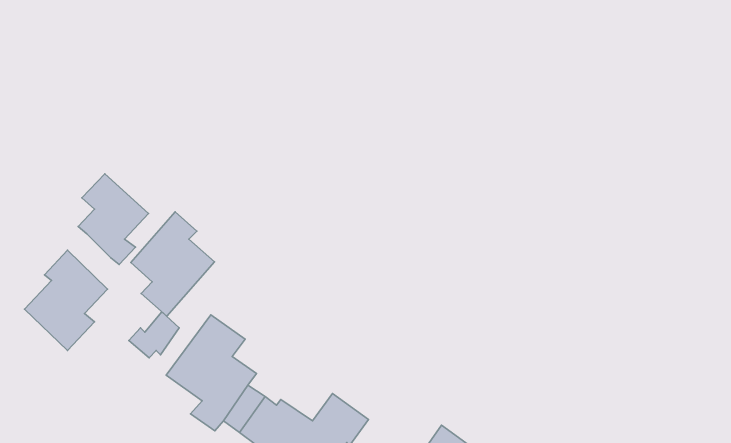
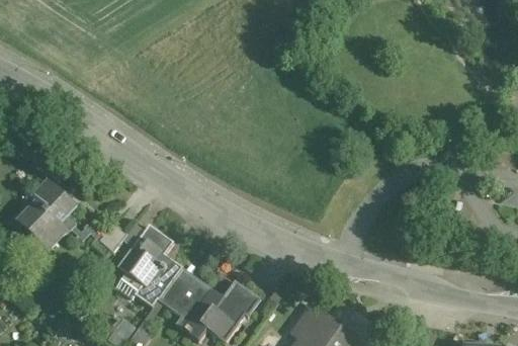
building: [78,174,149,264] -> none
building: [131,212,215,316] -> none

